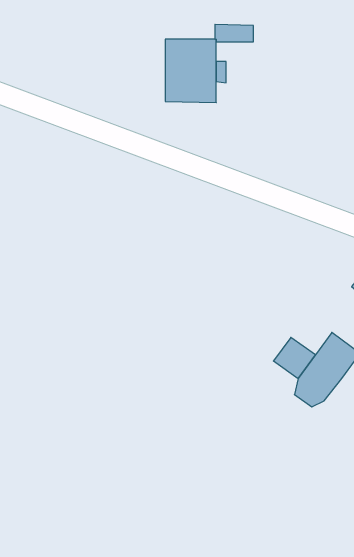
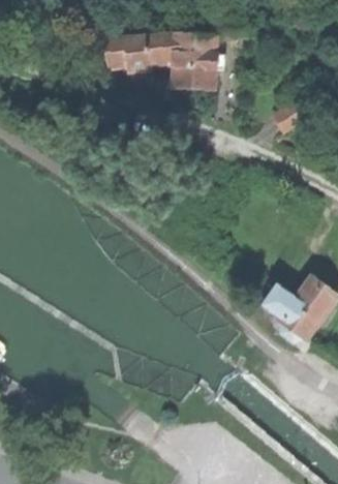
building: none -> [106,36,173,68]

